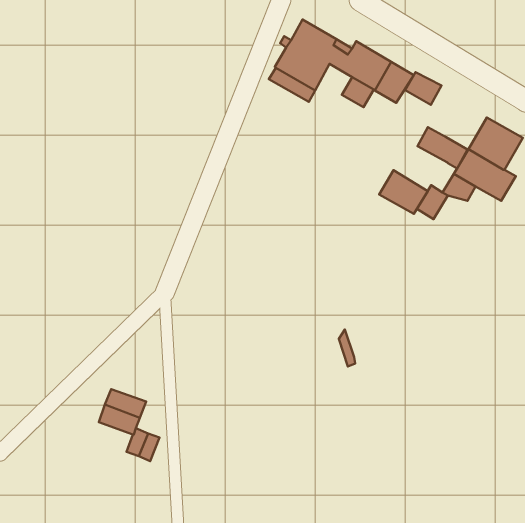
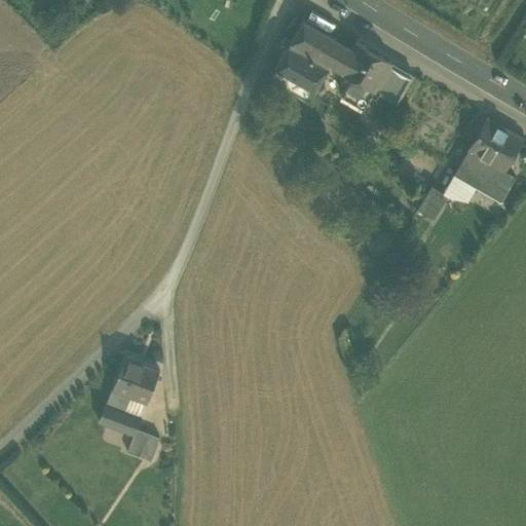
building: [405,72,441,105] -> none
building: [417,127,468,169] -> none
building: [379,170,428,214] -> none
building: none -> [112,359,159,404]

